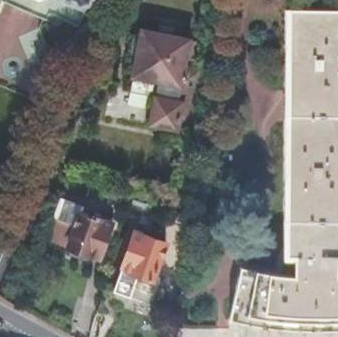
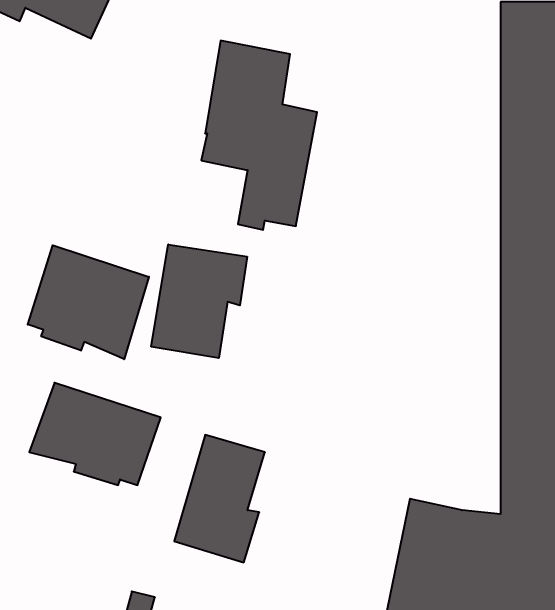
building: none -> [151,244,247,358]
building: none -> [28,245,149,359]

